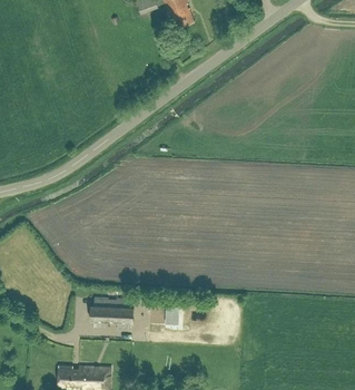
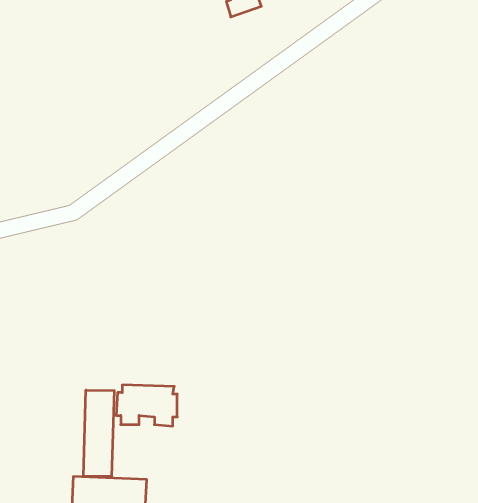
building: none -> [83,390,114,477]

